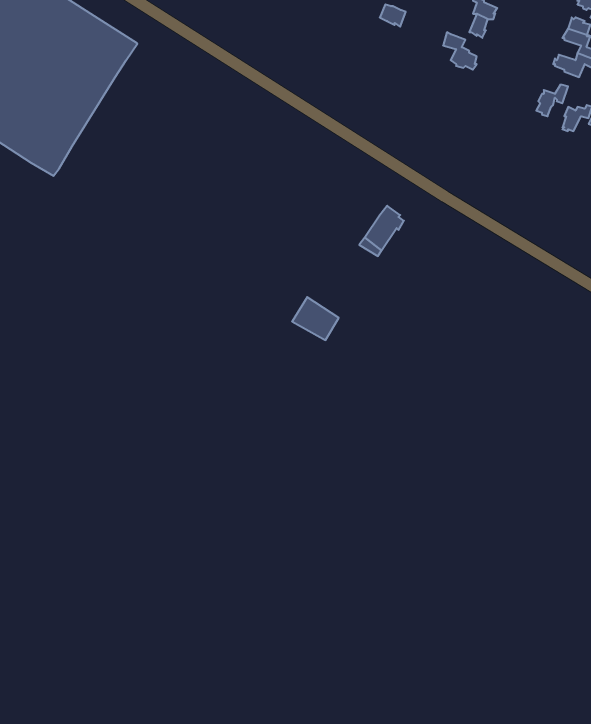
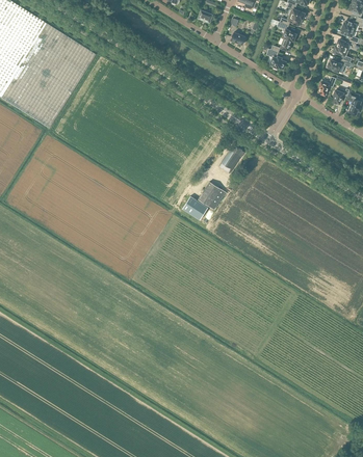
building: none -> [198,182,225,210]

